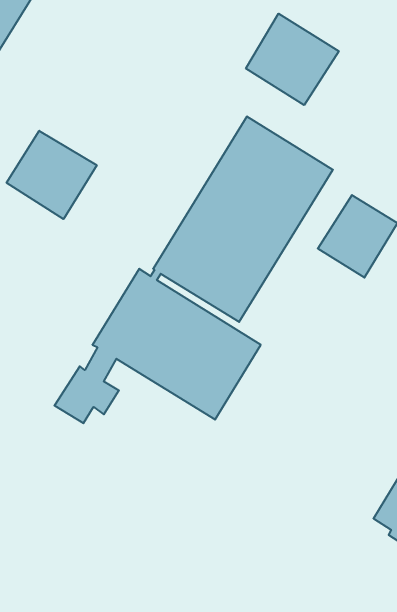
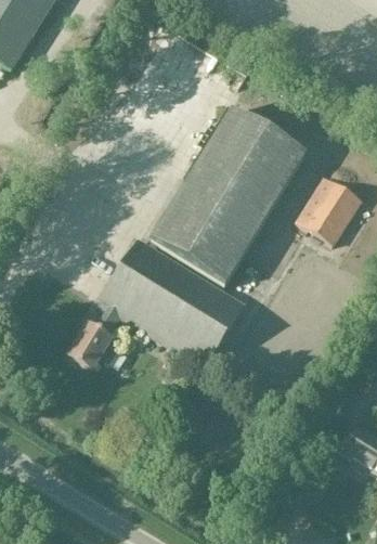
building: [246,14,339,105] -> none
building: [7,131,97,219] -> none

